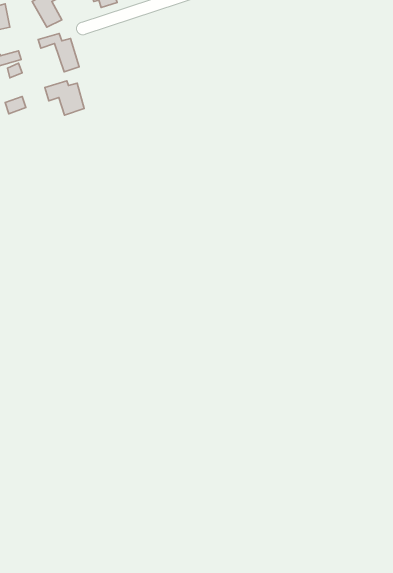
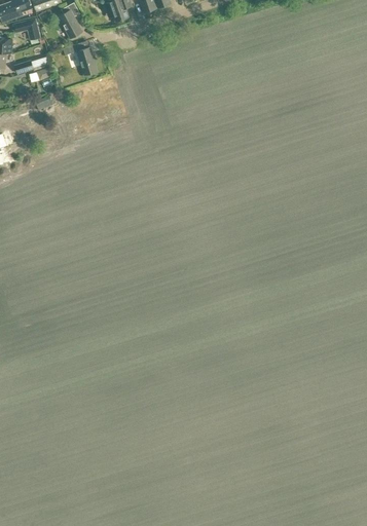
building: [45,81,84,115] -> none

